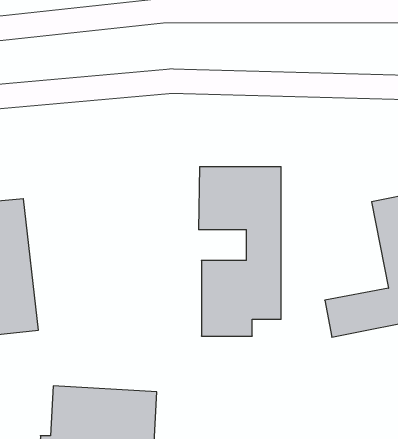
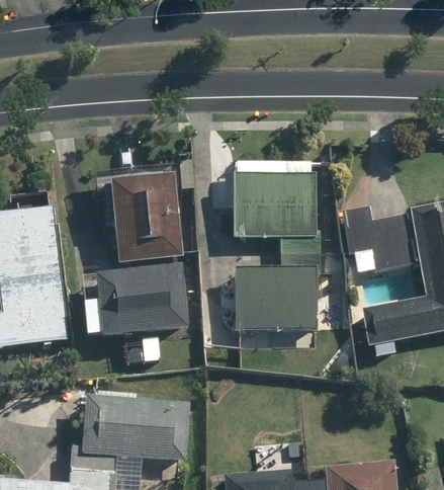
building: none -> [97,174,188,336]
building: none -> [342,206,416,270]

